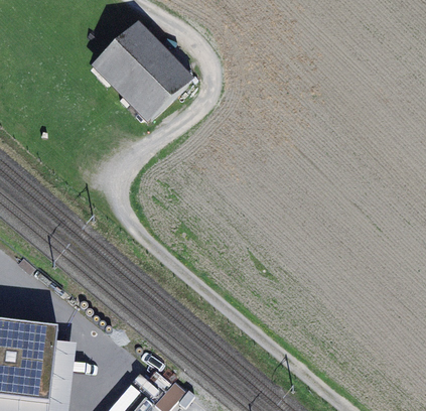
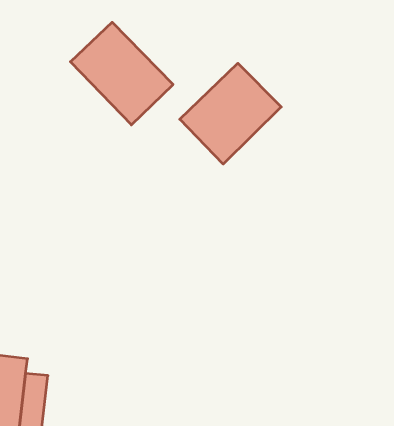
building: none -> [180,63,281,164]

